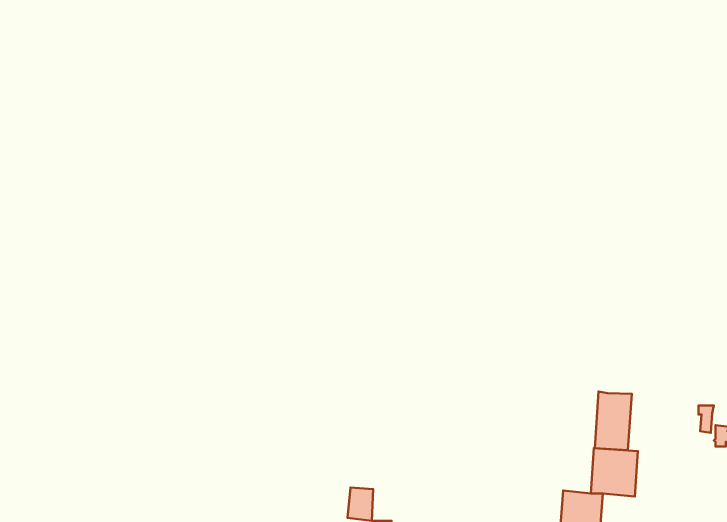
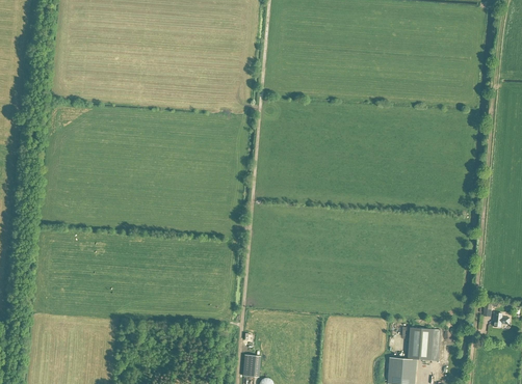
building: [595,392,632,450] -> none

